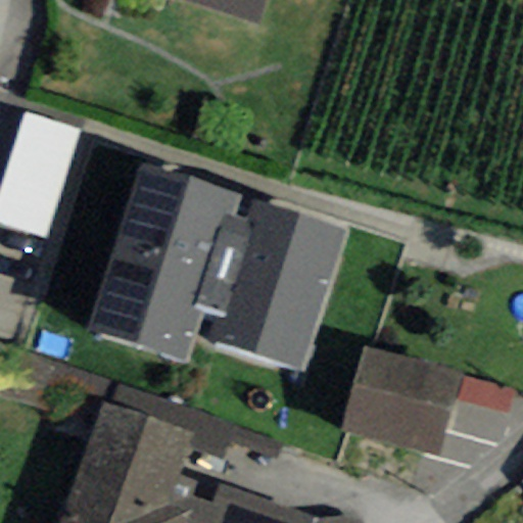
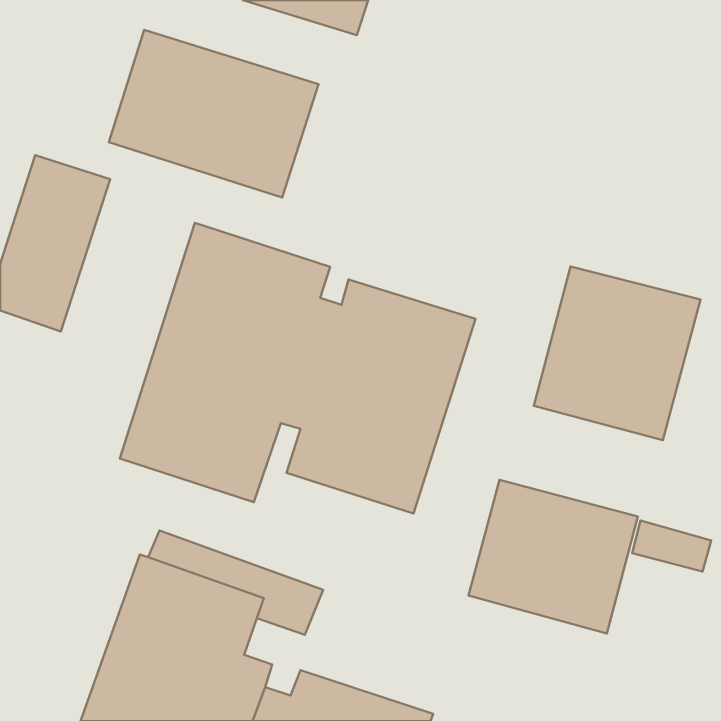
building: none -> [109,30,318,198]
building: none -> [534,267,700,440]

